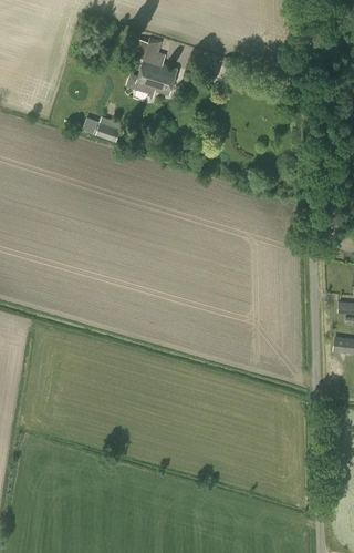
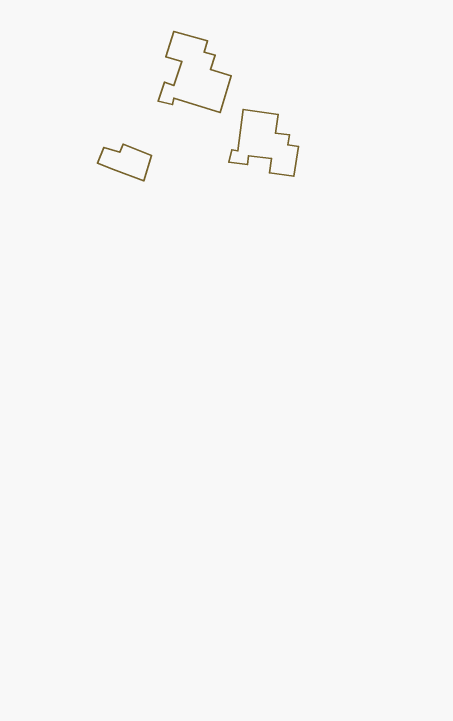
building: none -> [229,109,298,176]

